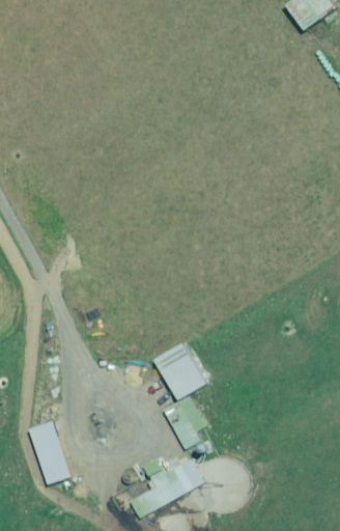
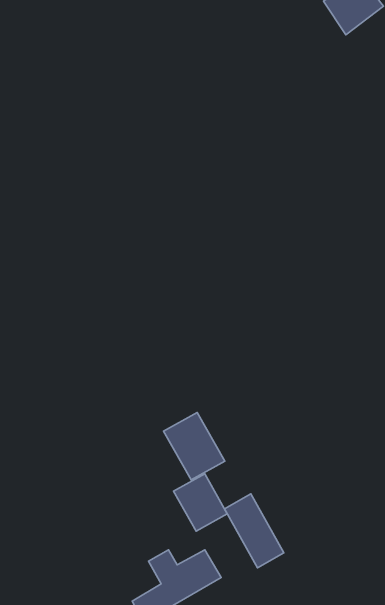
building: none -> [225,494,284,568]
building: [28,420,72,486] -> none

